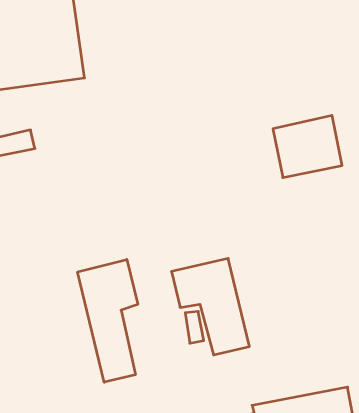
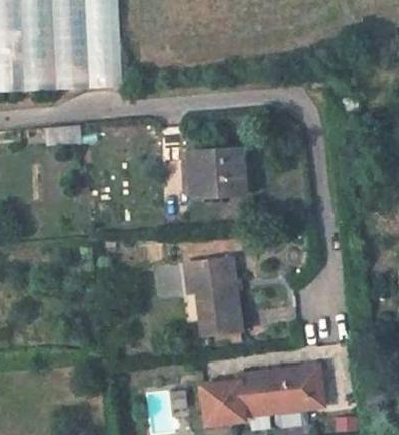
building: [273,115,342,178] -> [186,140,242,188]
building: [78,259,138,382] -> none

